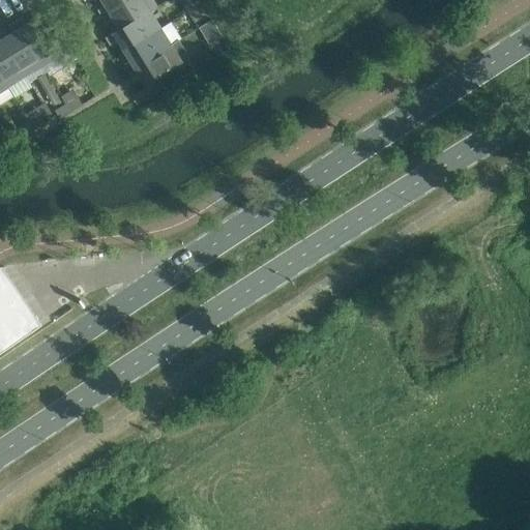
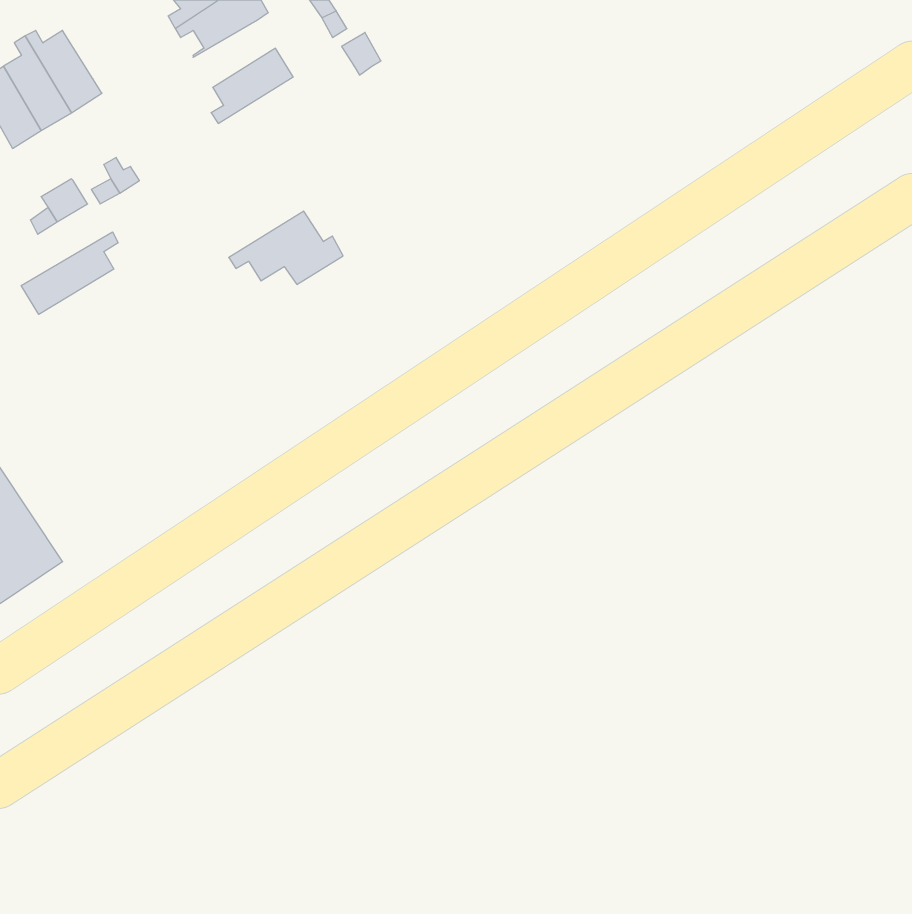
building: [105,11,159,51] -> none
building: [126,45,193,87] -> [229,211,343,284]
building: none -> [21,232,118,314]

